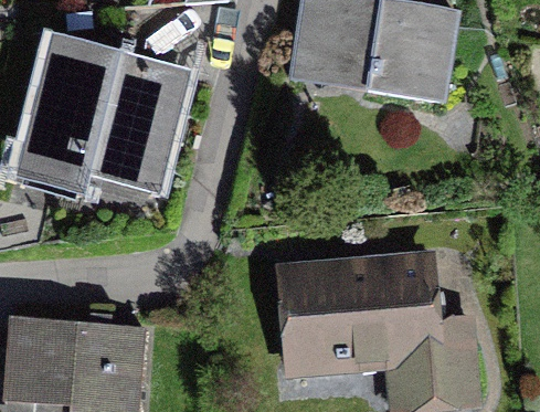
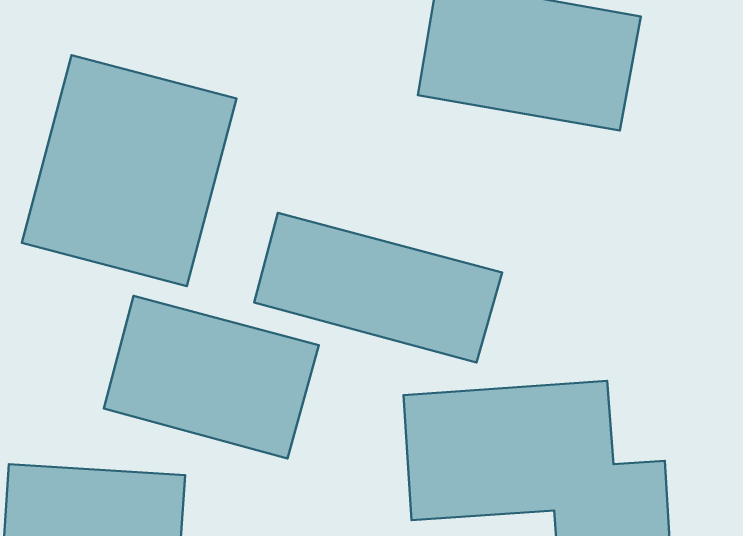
building: none -> [254,213,502,362]
building: none -> [104,296,319,458]

